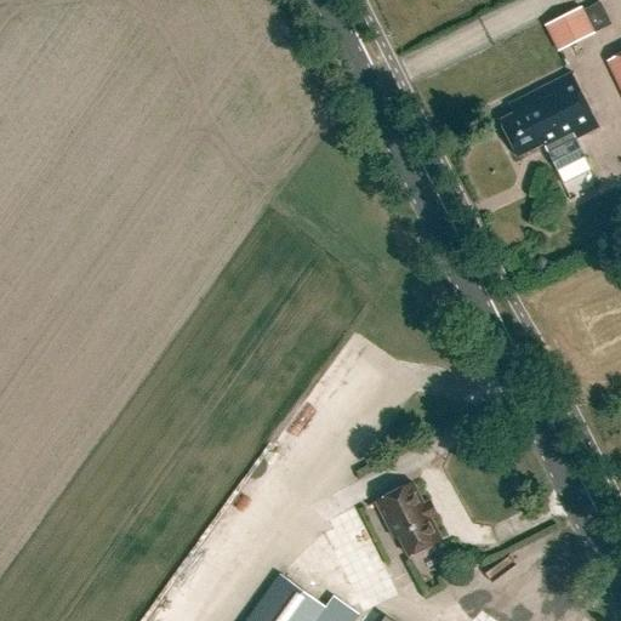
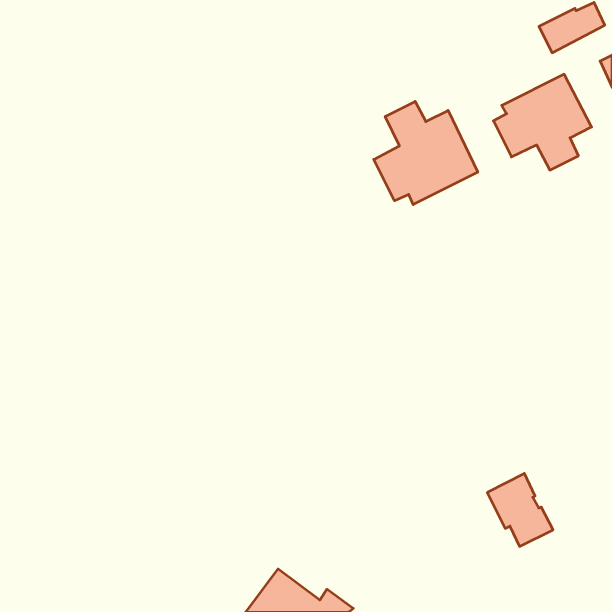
building: none -> [374,101,478,205]
building: [376,484,443,558] -> [487,473,553,546]

